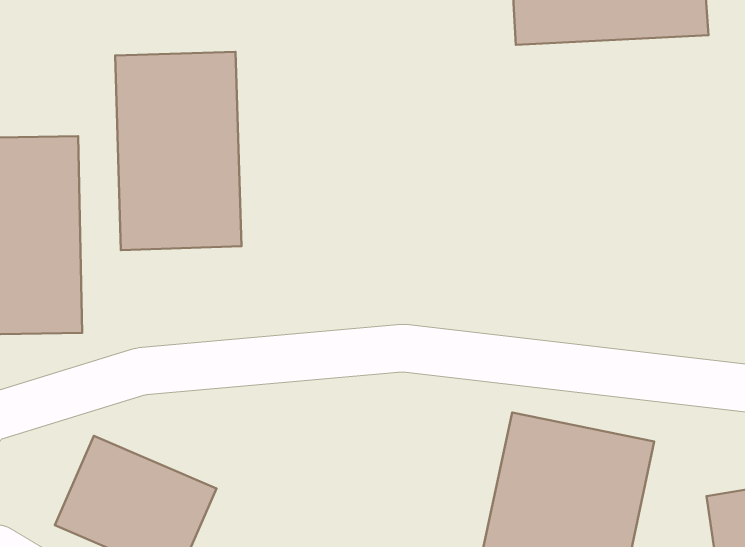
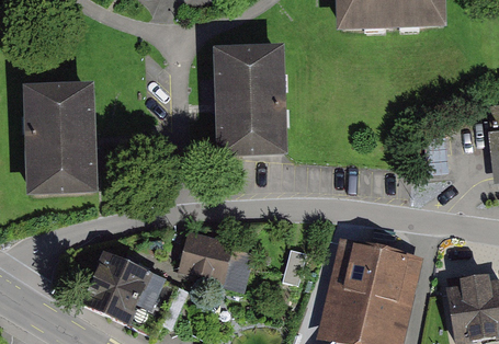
building: [115,52,241,250] -> [217,44,288,156]
building: none -> [174,232,249,293]

